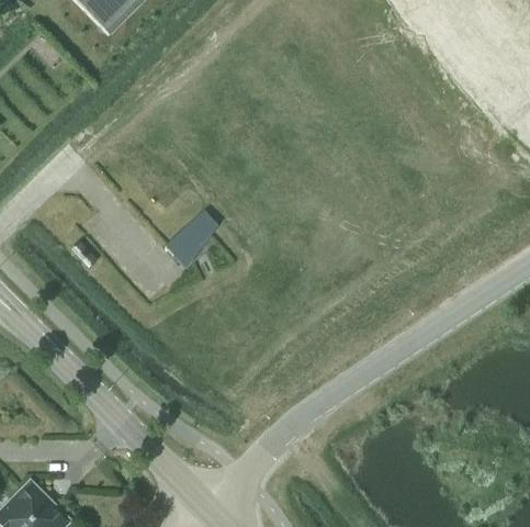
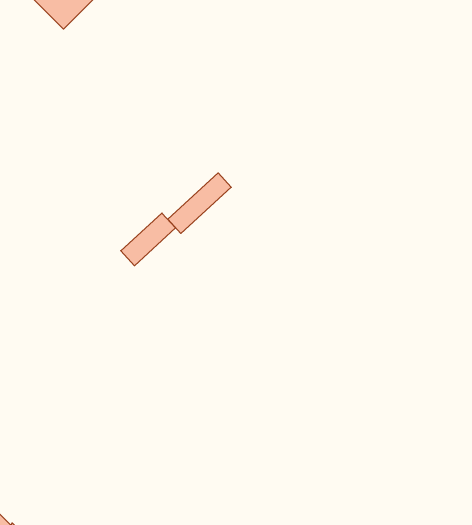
building: none -> [168,173,231,233]

